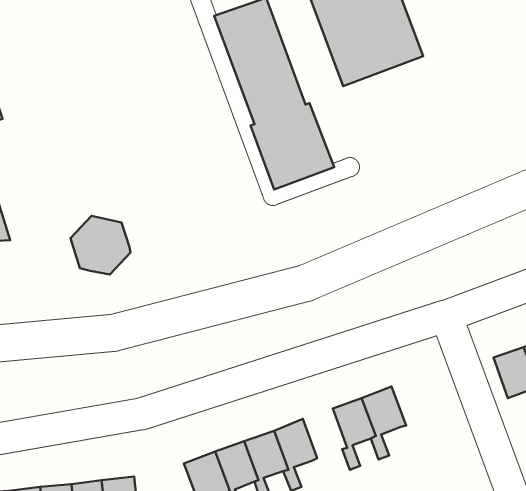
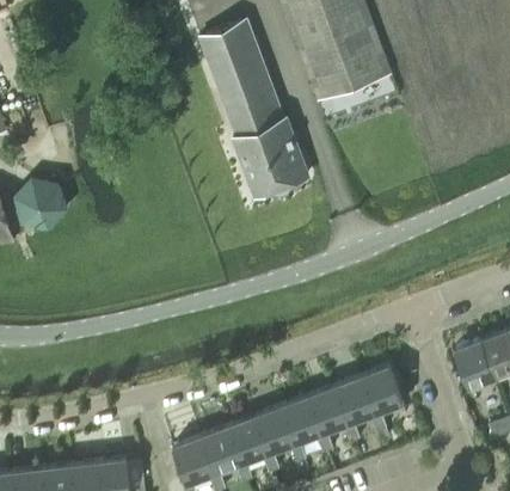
building: [71,216,131,275] -> [12,176,67,229]
building: none -> [362,367,403,432]
building: none -> [281,397,321,462]

